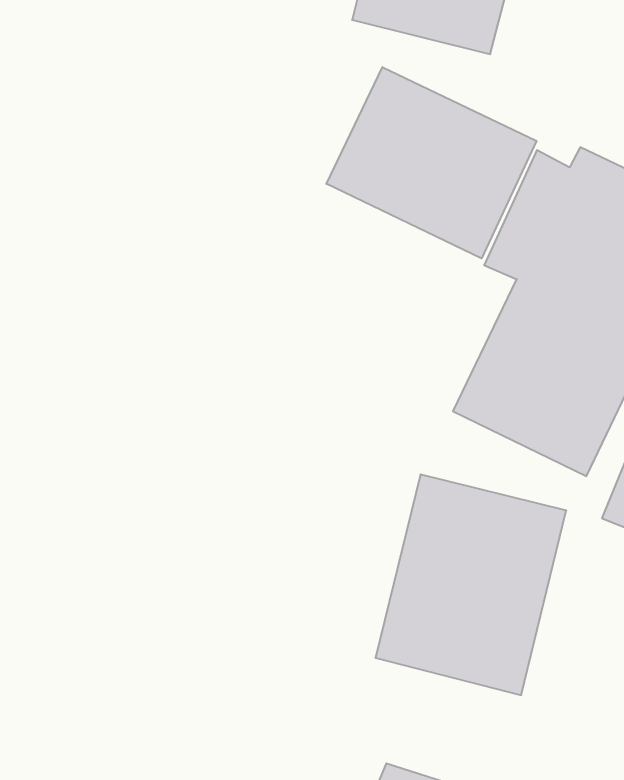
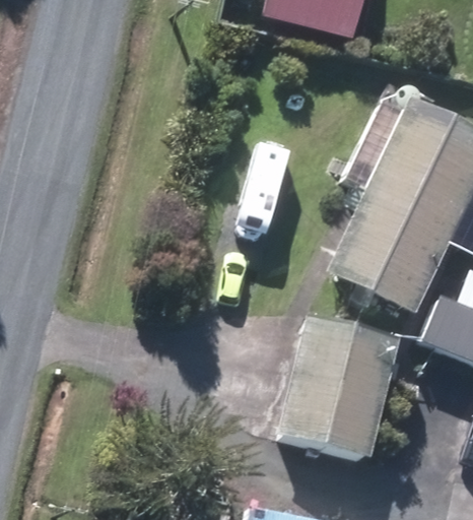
building: [326,67,536,258] -> none

